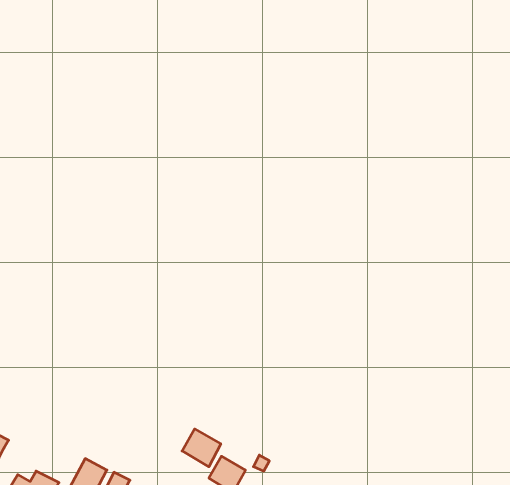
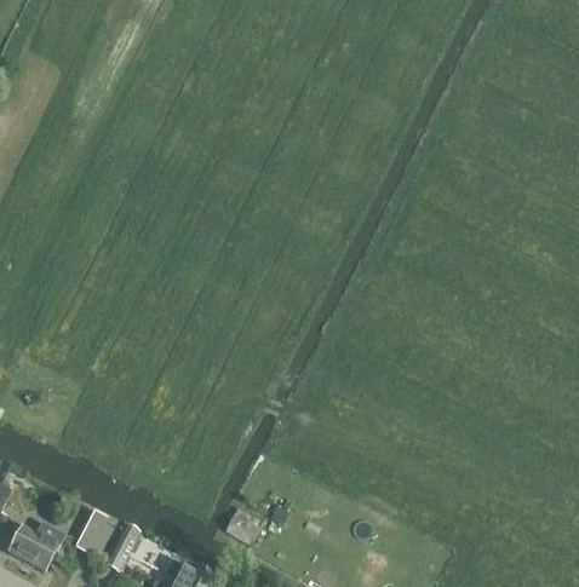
building: [182,429,221,467] -> none

